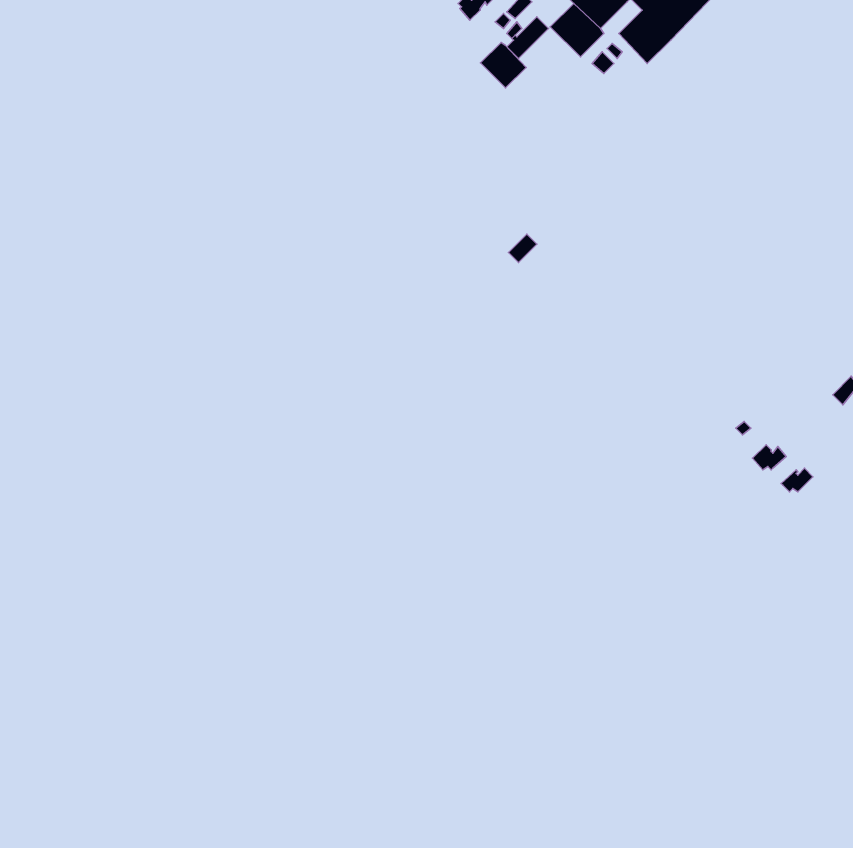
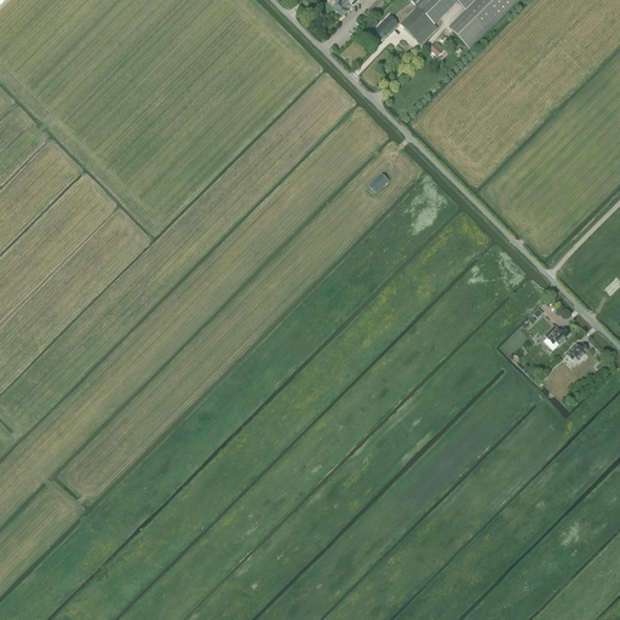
building: [481,42,526,88] -> none

